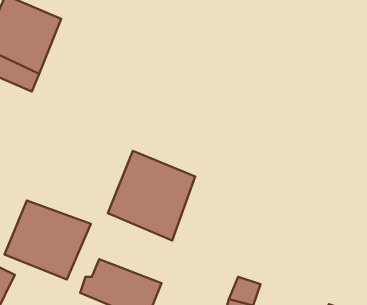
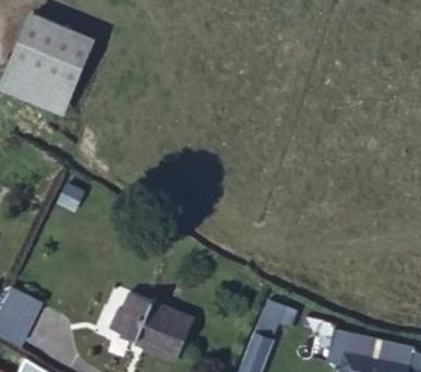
building: [108,151,195,241] -> none
building: [4,200,91,279] -> none

